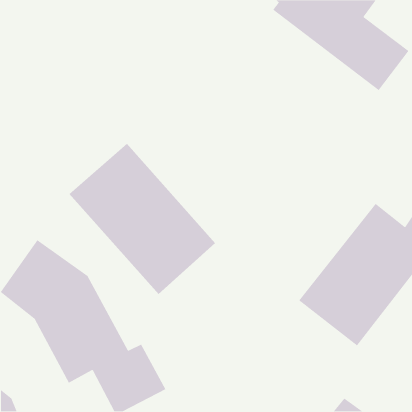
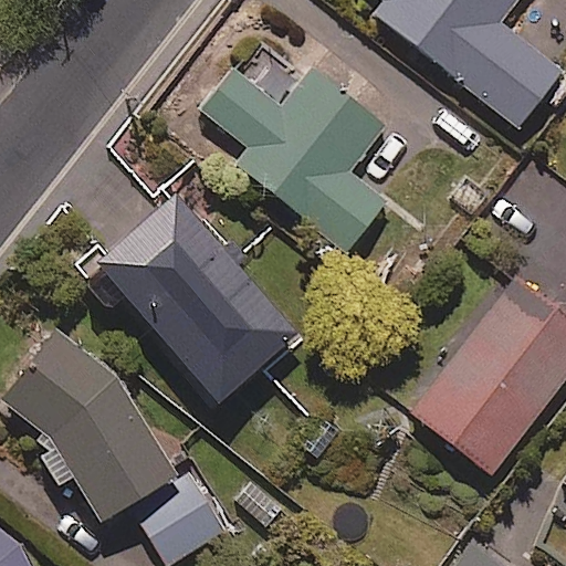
building: none -> [201,70,386,250]

